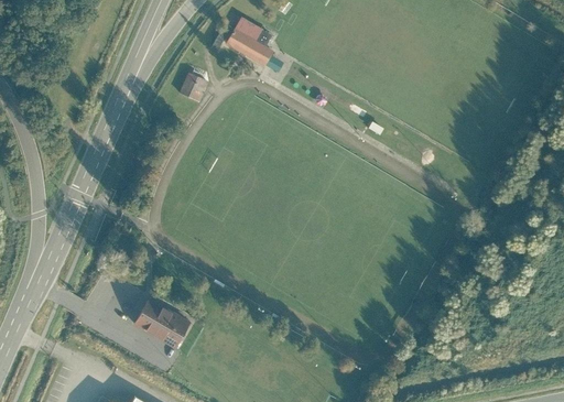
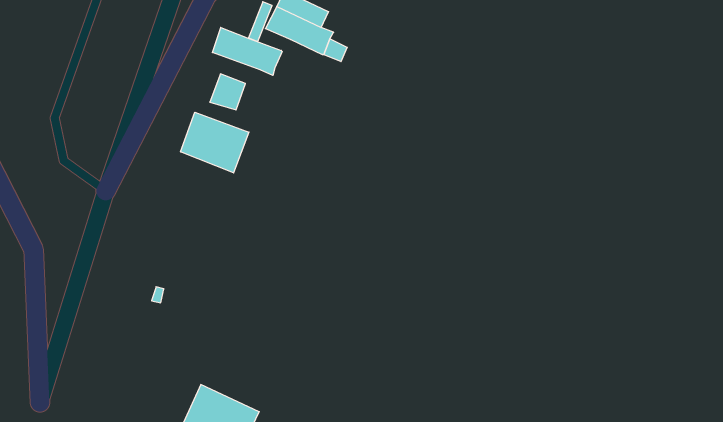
building: none -> [212,27,282,75]
building: none -> [181,112,249,173]

